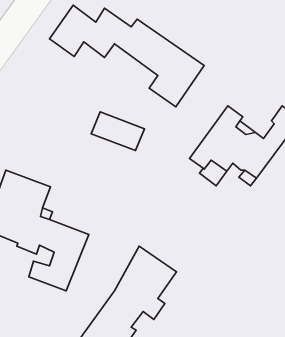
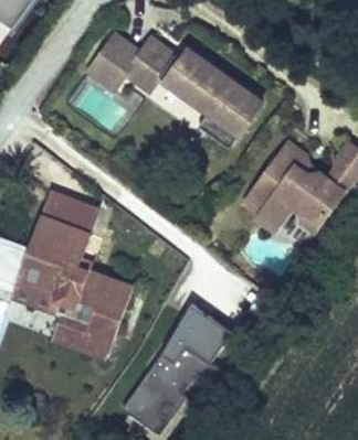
building: [91,112,144,150] -> [40,193,99,236]

